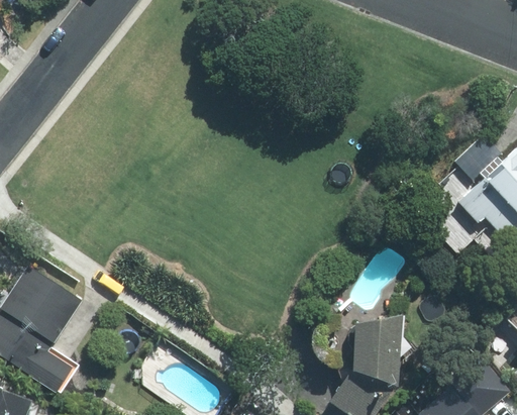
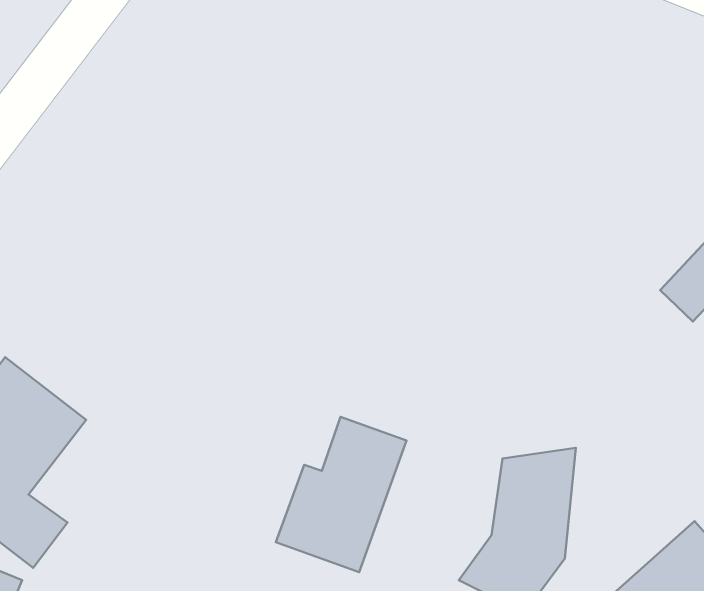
building: none -> [276,417,406,572]

